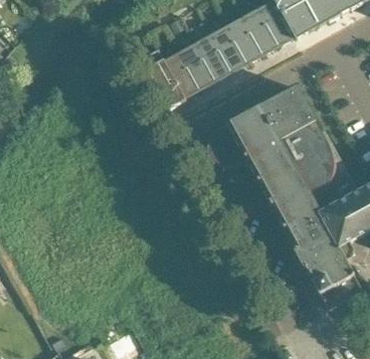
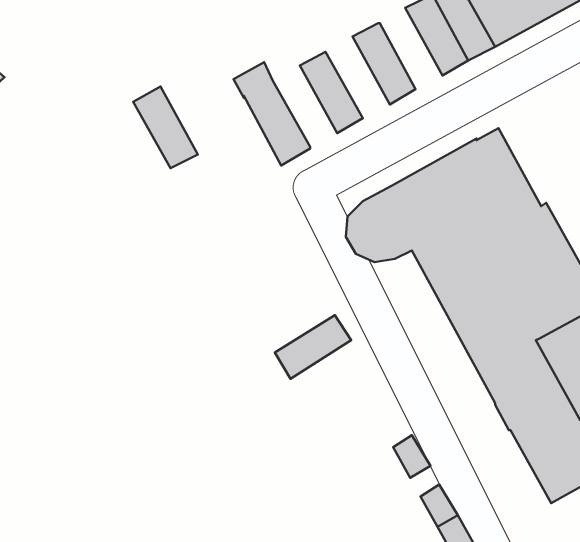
building: [225,15,263,63] -> none
building: [194,32,232,80] -> none
building: [163,49,201,98] -> [133,87,198,168]
building: none -> [275,315,351,379]

